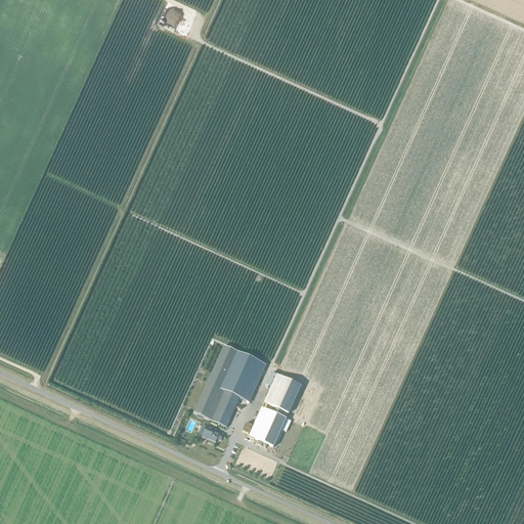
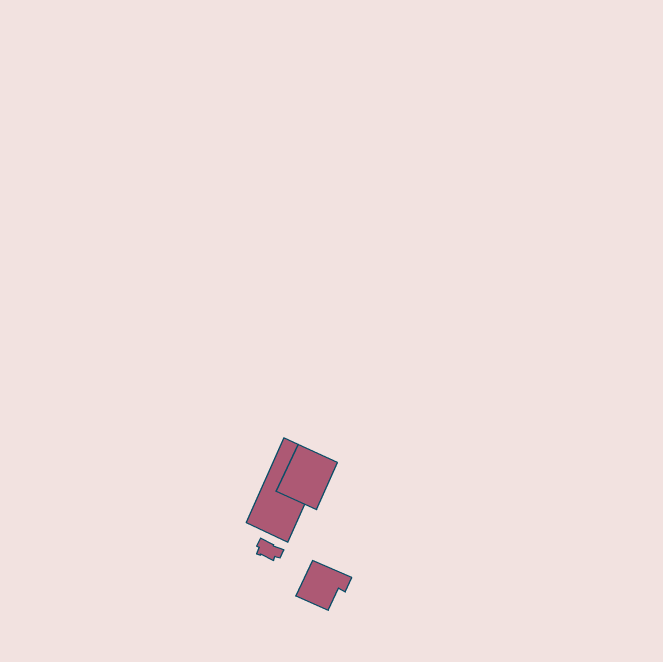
building: [266,373,302,411] -> none
building: [249,405,293,444] -> [296,561,352,610]

